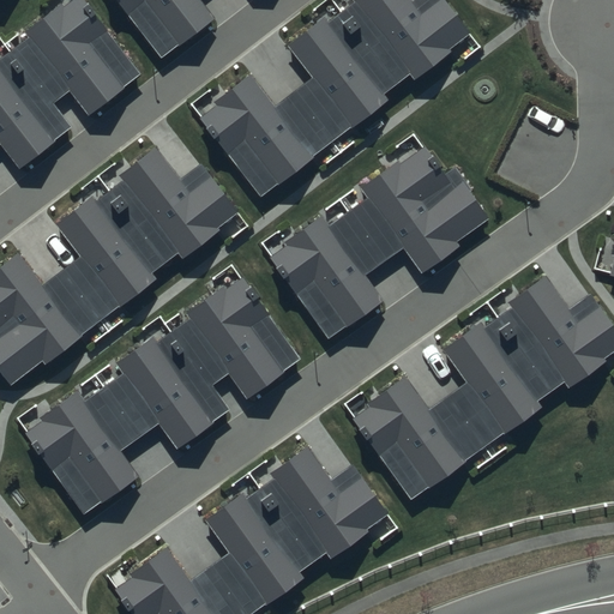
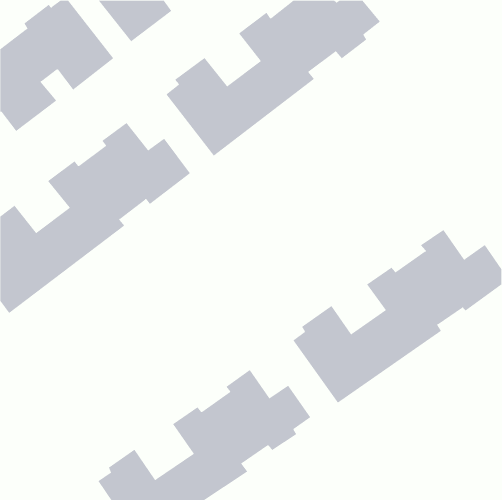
building: [273,155,482,336] -> none
building: [30,285,296,514] -> none

